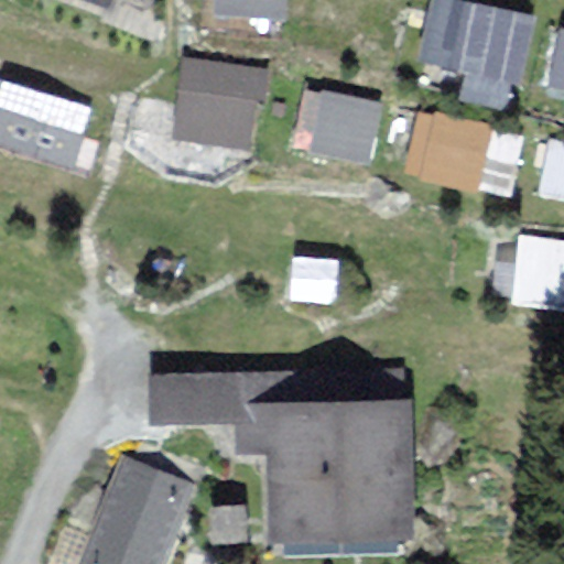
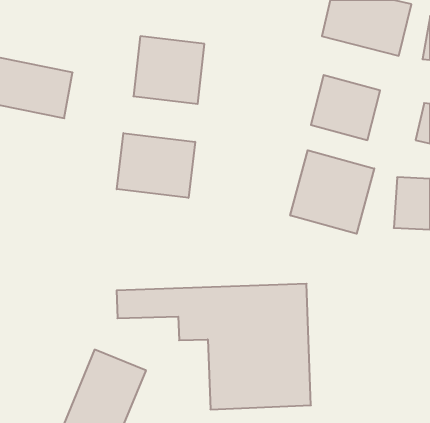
building: [302,91,384,164] -> none
building: none -> [117,133,195,198]
building: none -> [290,150,374,234]

